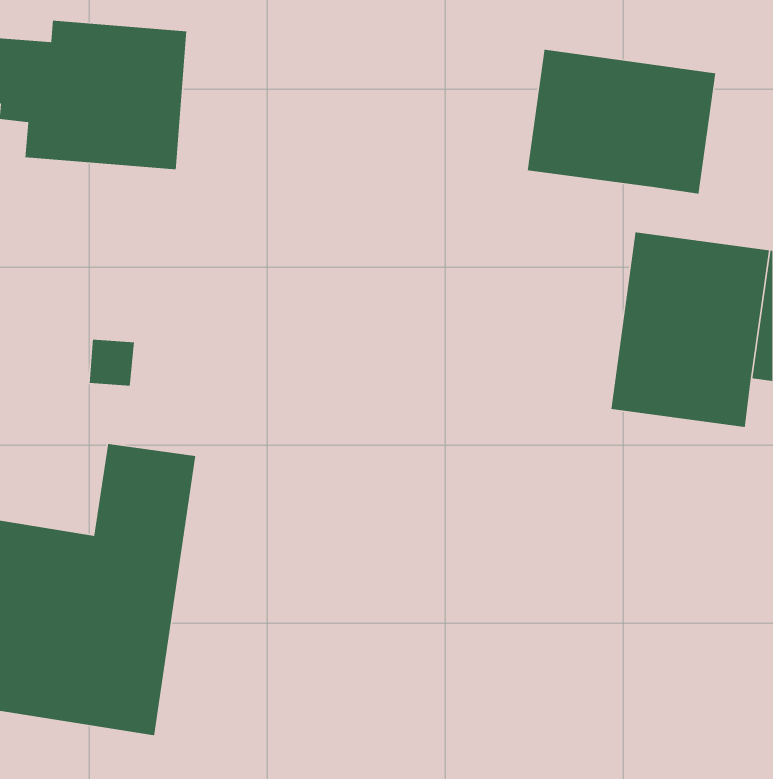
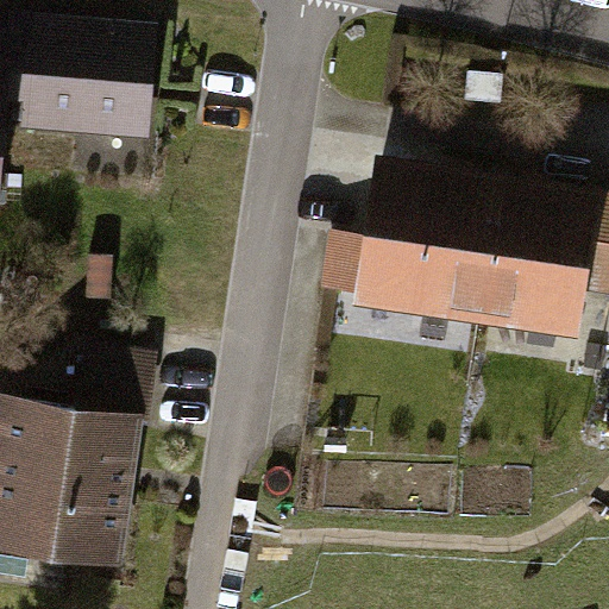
building: [527,49,716,194] -> none
building: none -> [353,167,492,321]

